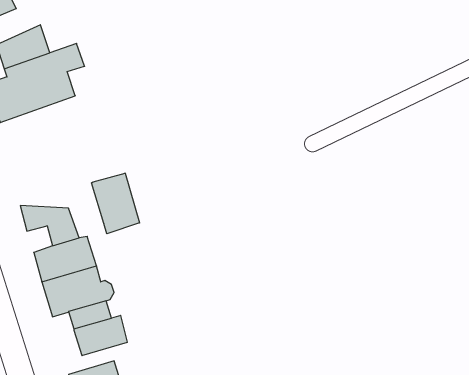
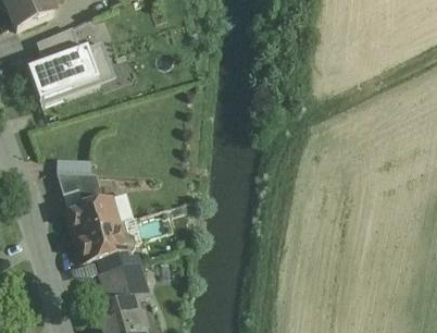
building: [92,173,140,234] -> none

